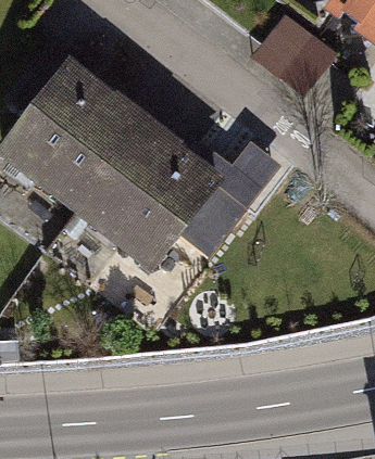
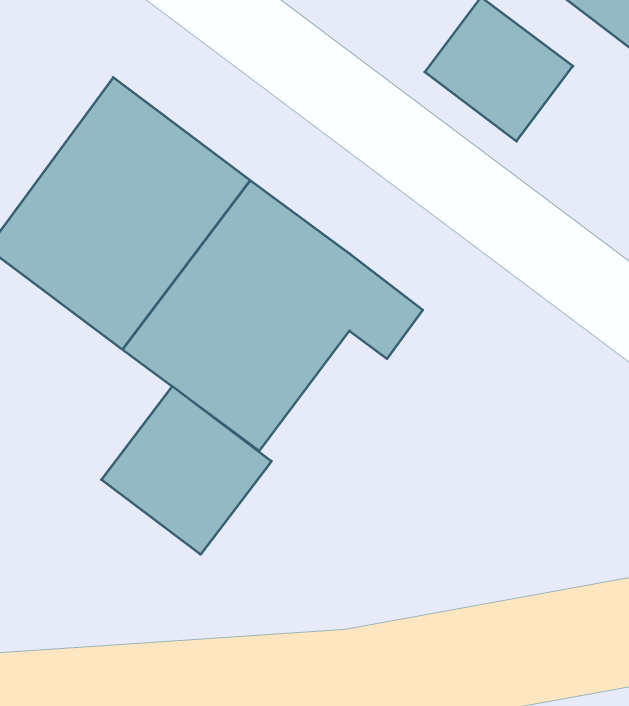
building: none -> [101,386,271,554]

